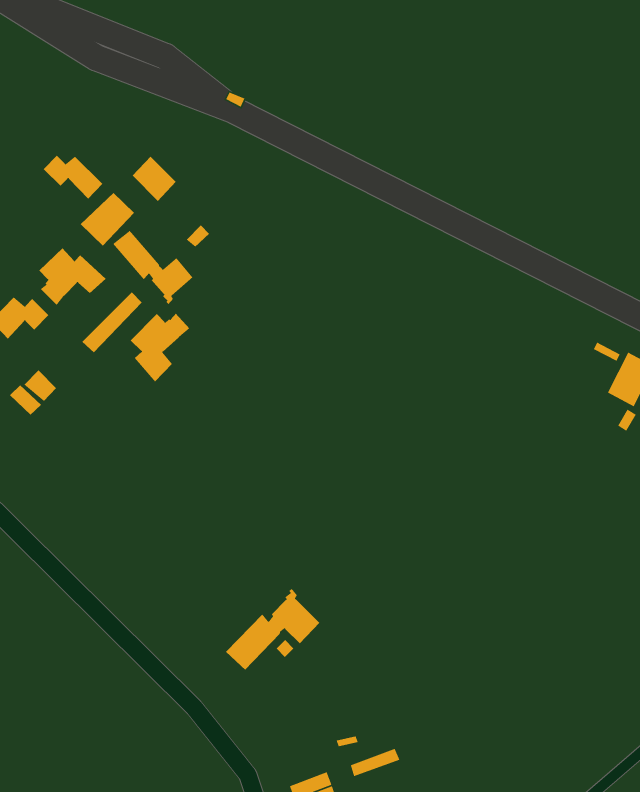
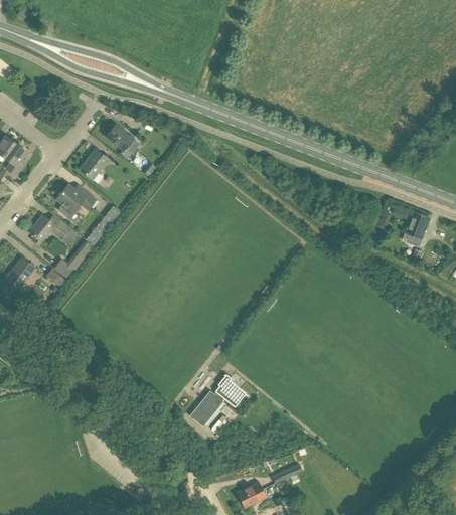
building: [43,155,103,200] -> none
building: [112,230,194,305] -> none
building: [130,313,190,382] -> none

